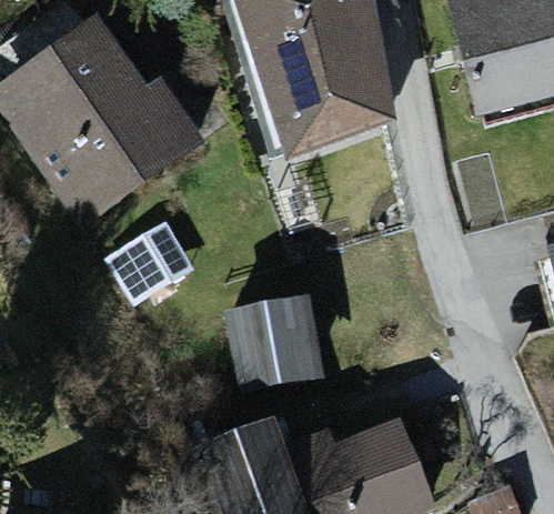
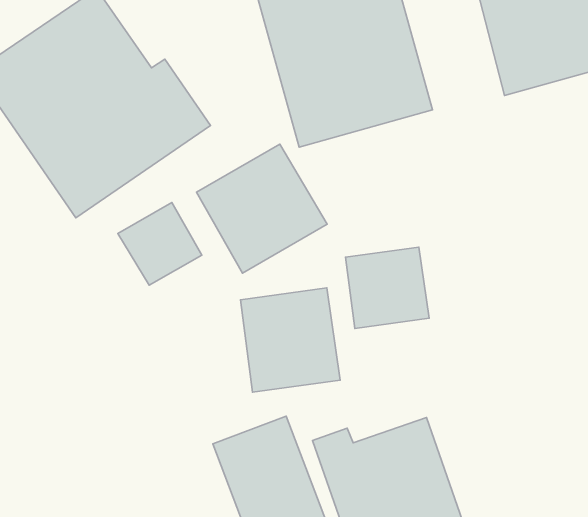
building: none -> [196,144,327,273]
building: none -> [346,247,429,328]

